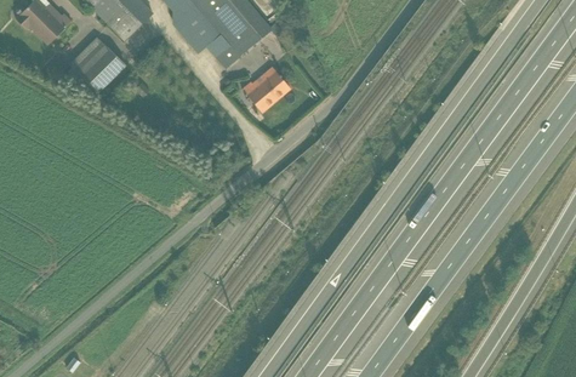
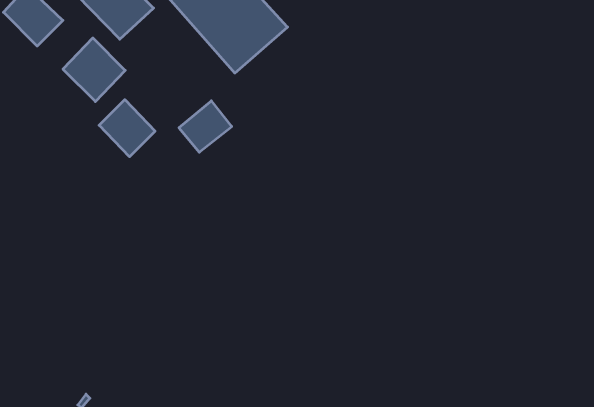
building: [243,65,290,112] -> [179,101,232,152]
building: none -> [99,100,155,157]

